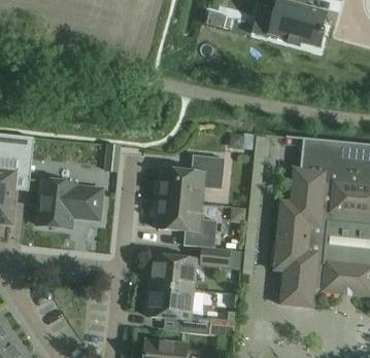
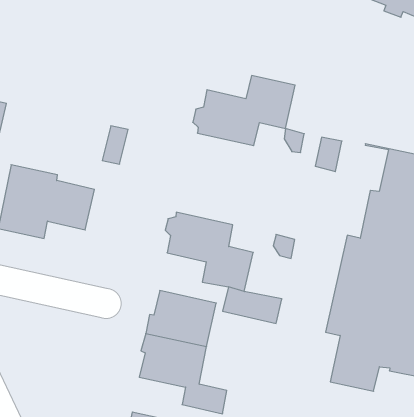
building: [156,154,224,203] -> [193,76,295,146]

